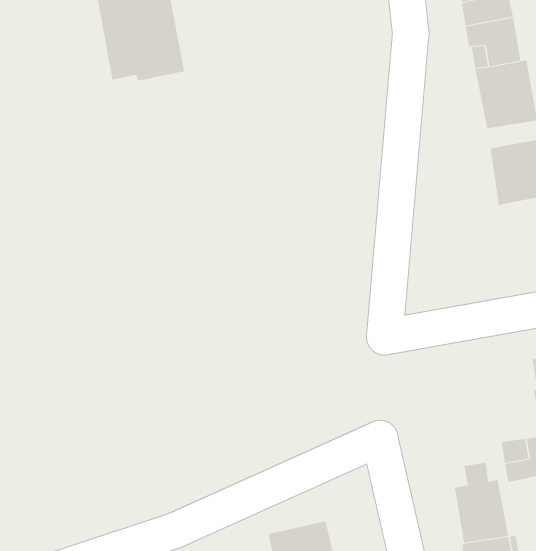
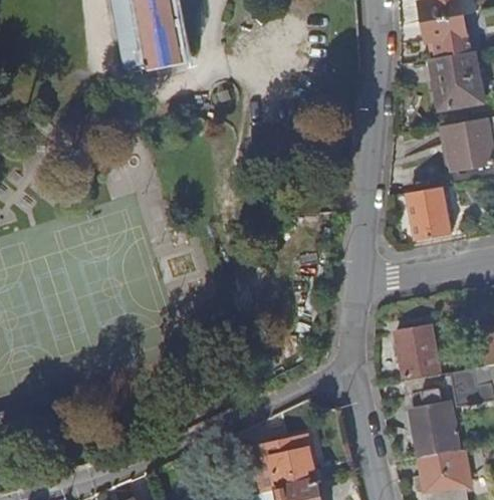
building: none -> [409,188,450,240]
building: none -> [397,322,439,378]

